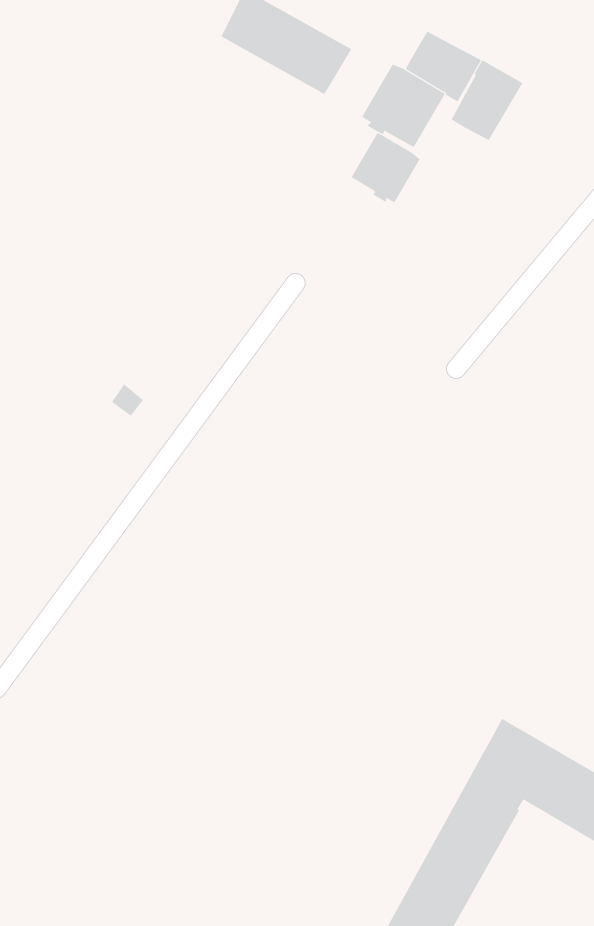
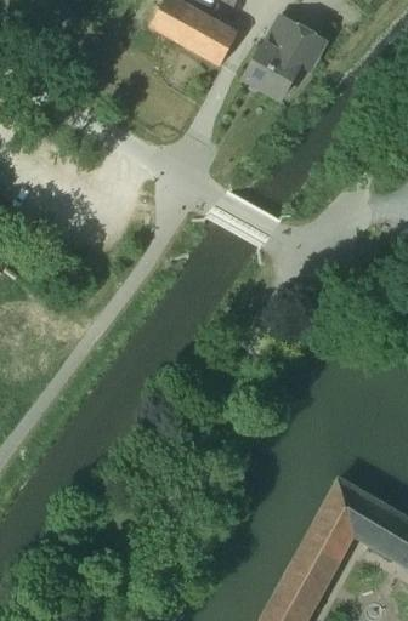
building: [451,60,523,141] -> none
building: [351,132,421,203] -> none

